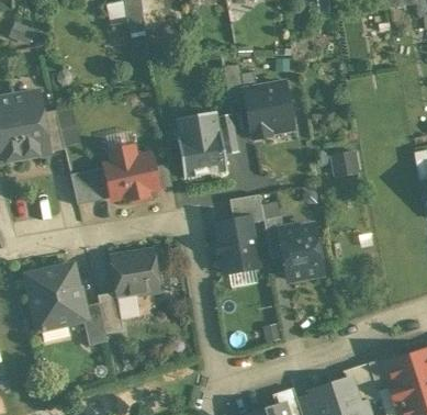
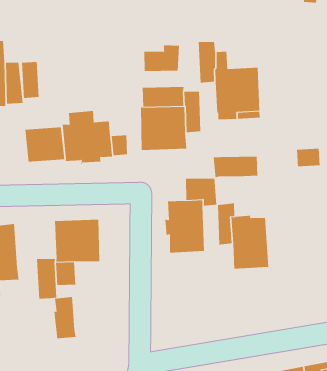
building: none -> [144,44,179,72]
building: none -> [213,156,258,178]
building: [82,302,109,345] -> [54,297,76,339]

